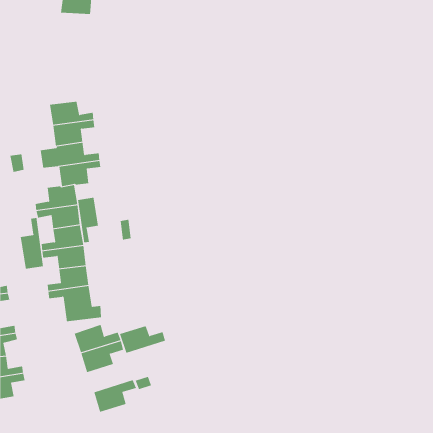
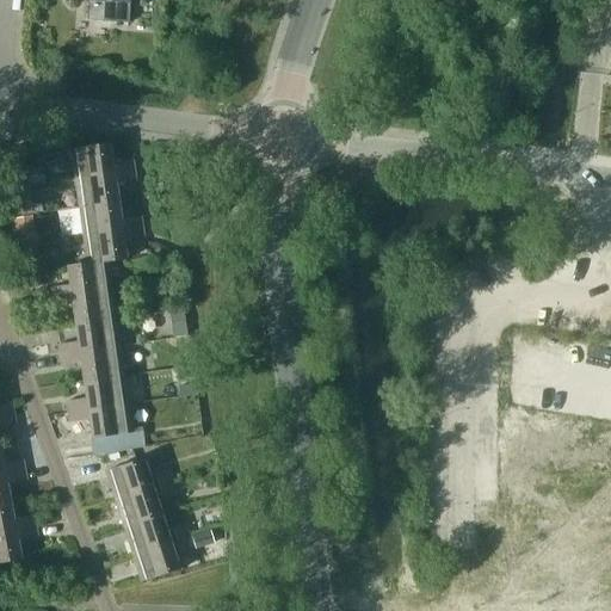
building: [77,197,99,243] -> none
building: [20,217,44,270] -> none
building: [119,325,166,353] -> [122,512,187,551]

